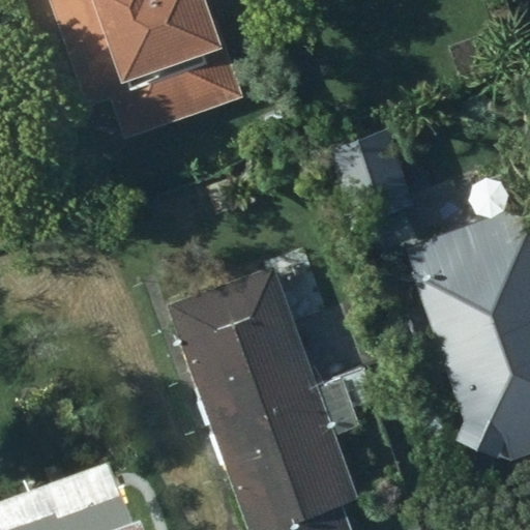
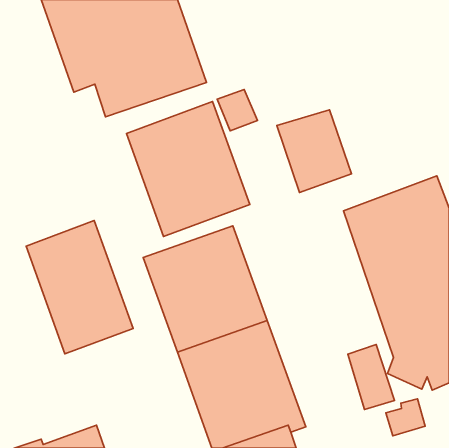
building: none -> [126,102,250,236]
building: none -> [26,221,133,354]

